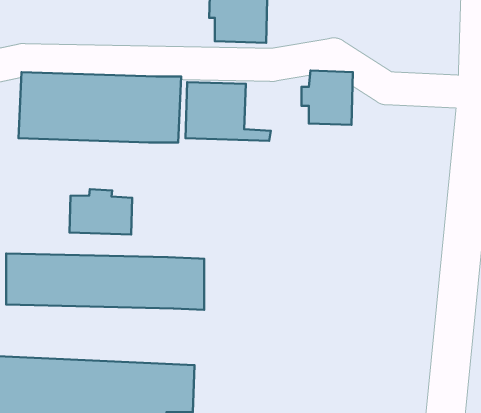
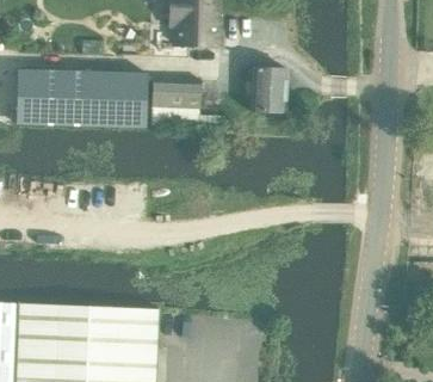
building: [69,189,132,234] -> none
building: [6,253,204,310] -> none

